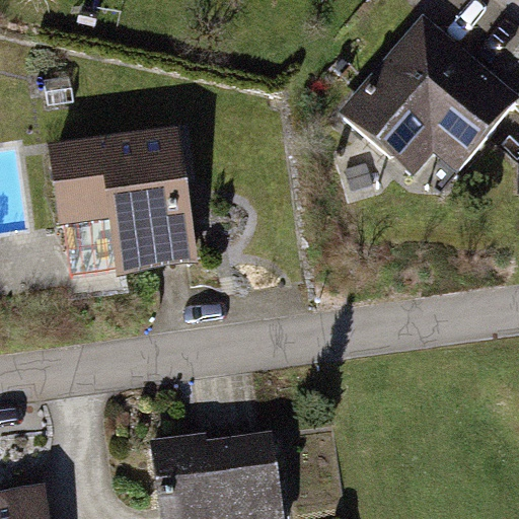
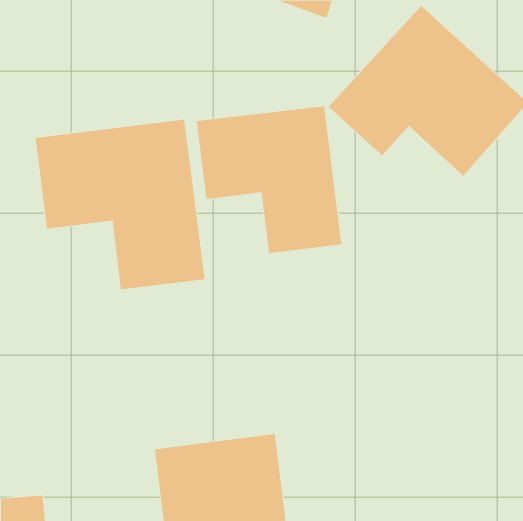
building: none -> [196,105,342,254]

